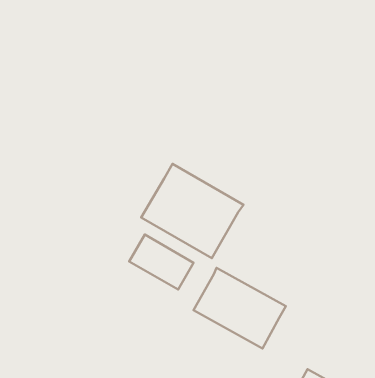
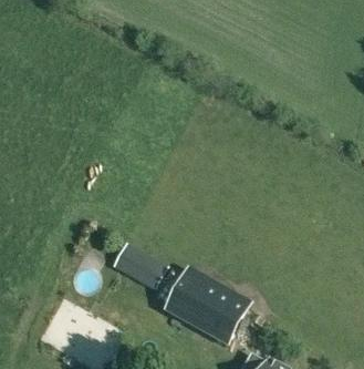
building: [141,164,243,258] -> none

